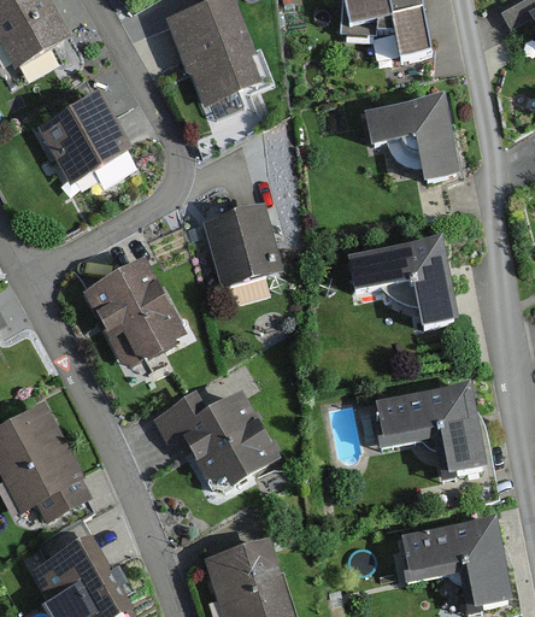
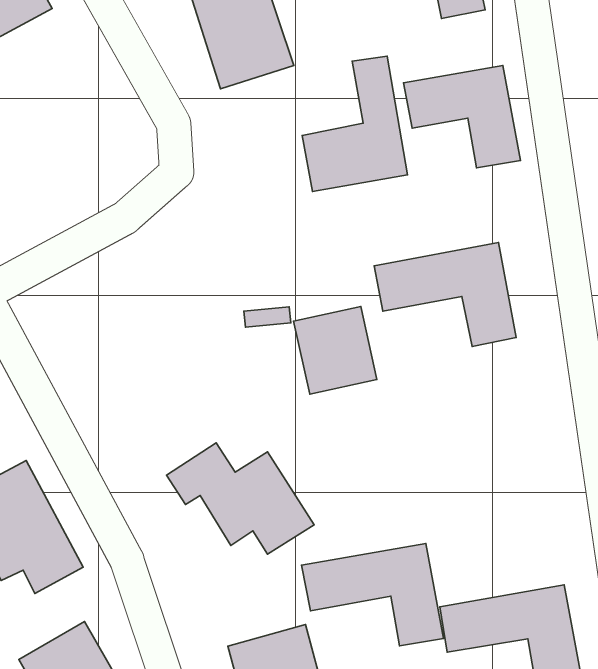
building: none -> [302,56,408,192]
building: [49,106,130,187] -> none
building: [212,217,281,289] -> [294,306,377,394]
building: [96,270,192,374] -> none
building: [363,381,480,465] -> [302,543,443,646]

